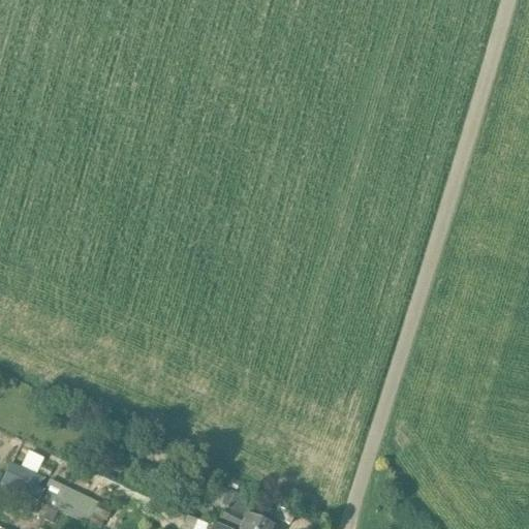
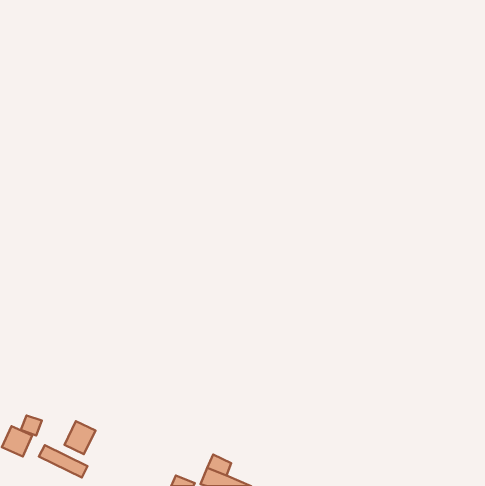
building: none -> [64,421,95,454]

